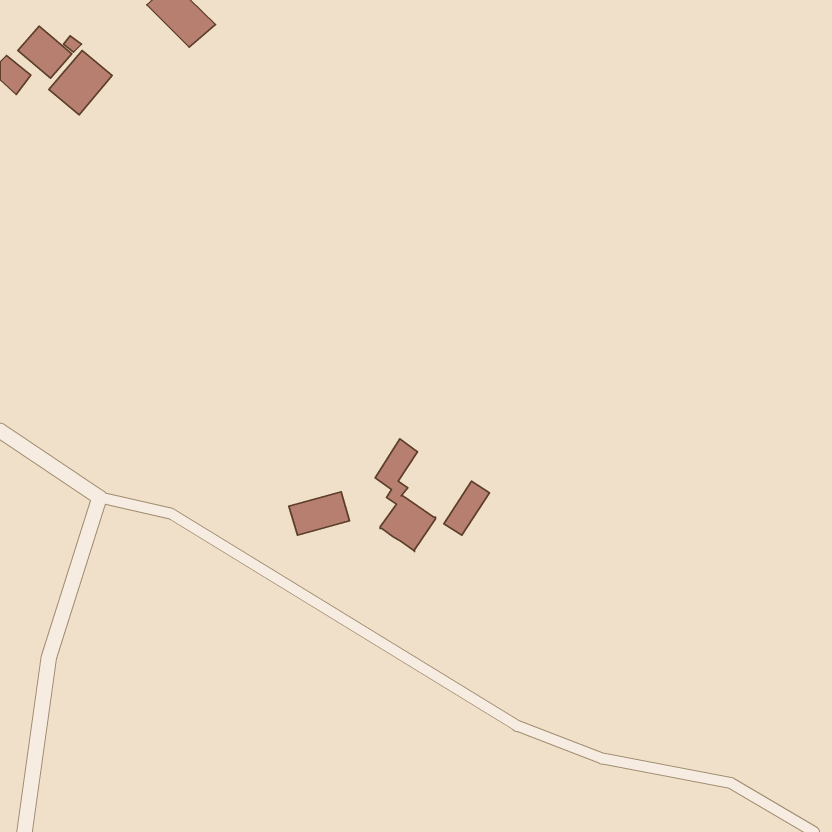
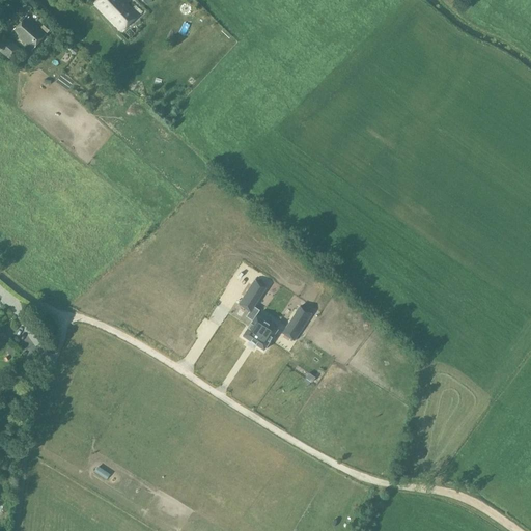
building: [49,50,112,115] -> none
building: [289,492,350,535] -> none

